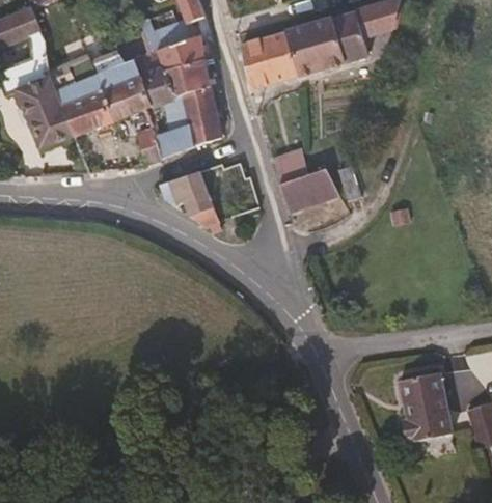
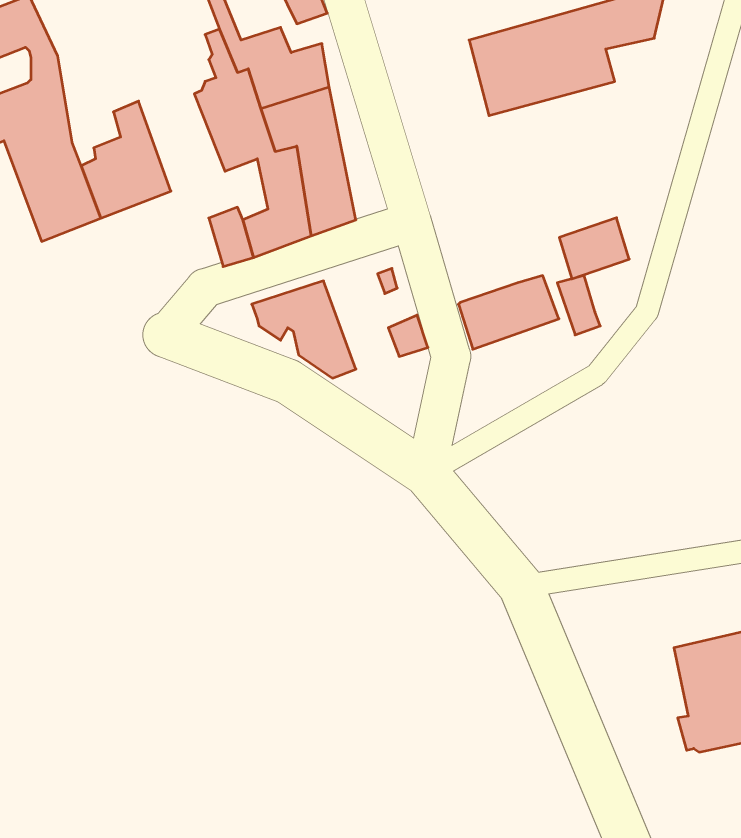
building: [239,32,296,89] -> none
building: [89,49,143,119] -> none
building: [272,148,312,184] -> [559,218,629,279]

